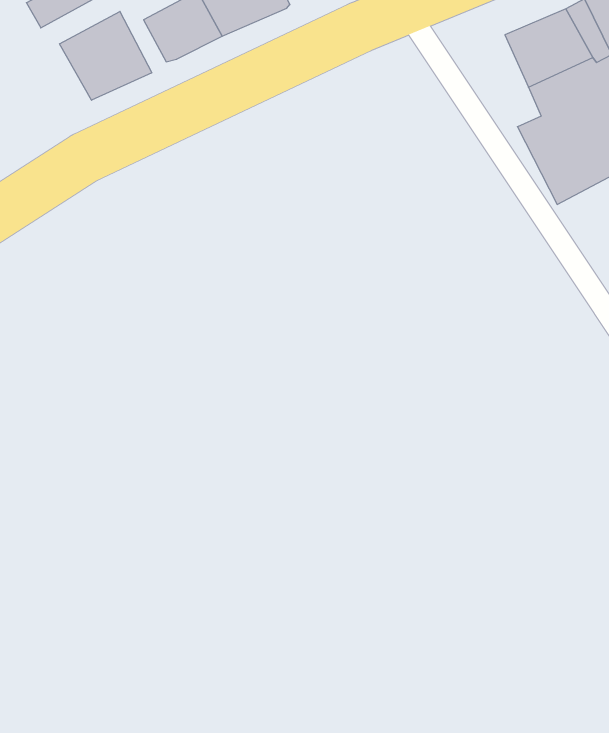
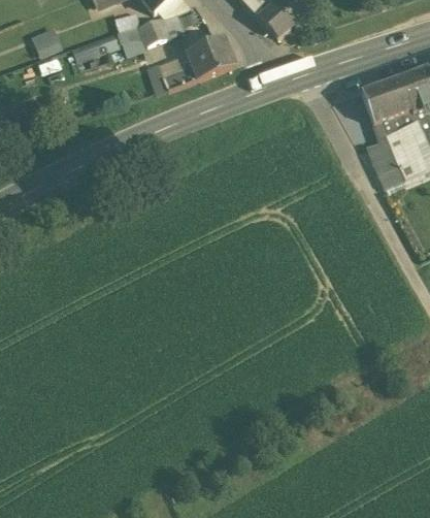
building: [60,11,152,100] -> none

